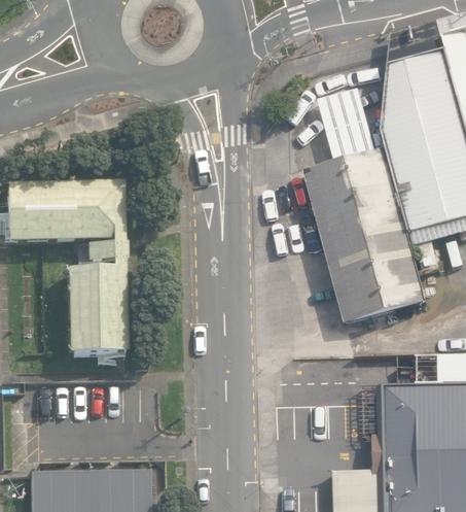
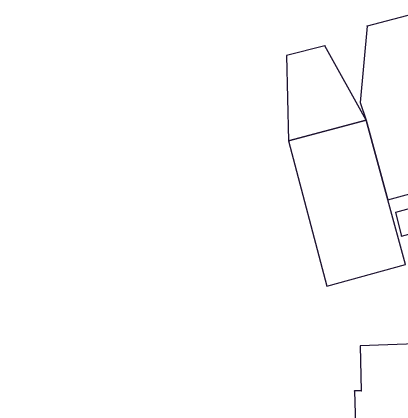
building: [8,184,128,355] -> none

